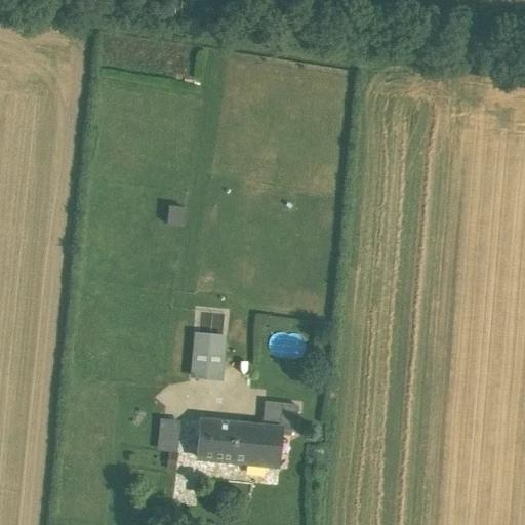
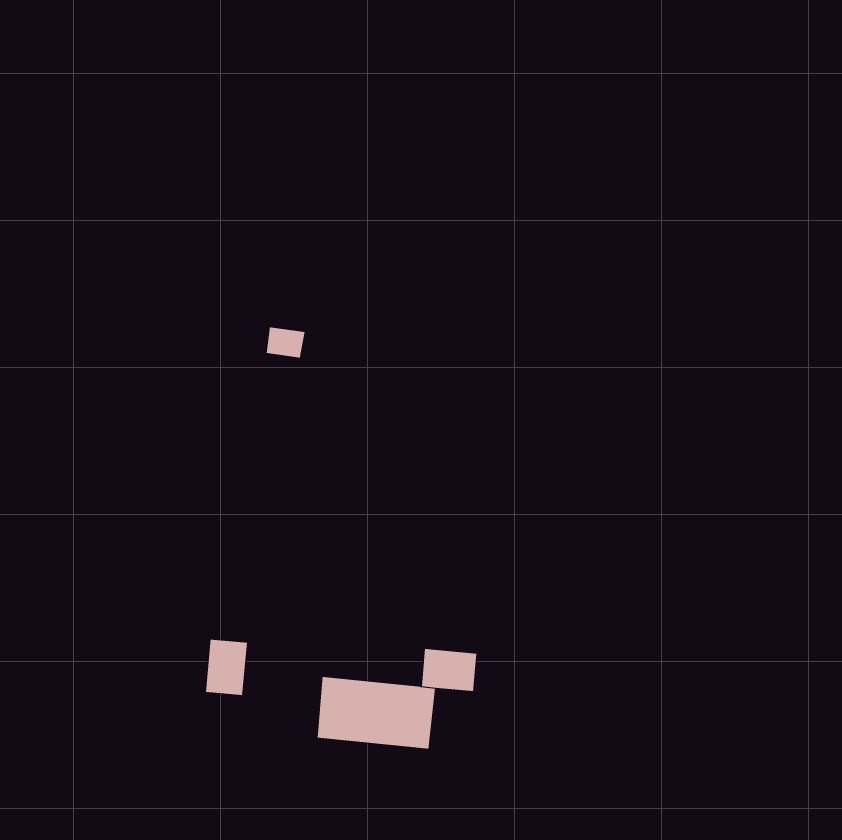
building: [194,336,220,377] -> none
building: [157,416,184,451] -> [205,639,248,695]

